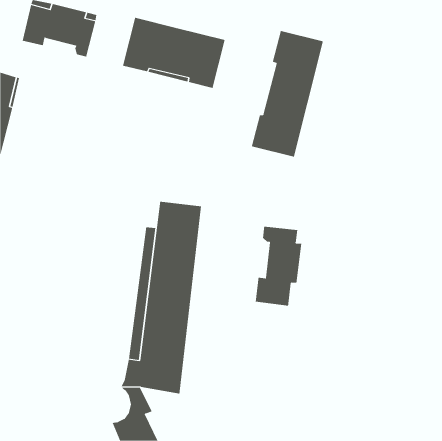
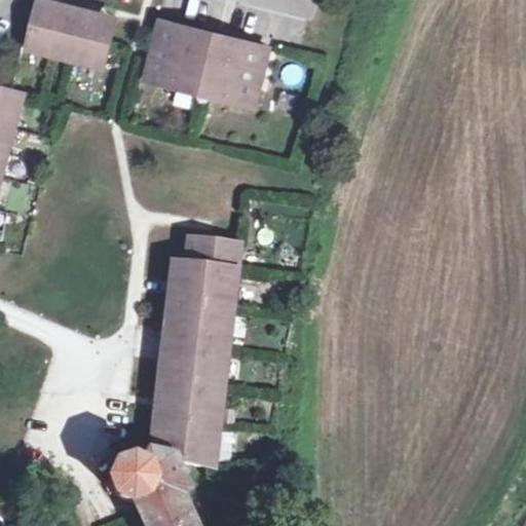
building: [251,30,324,158] -> none
building: [255,226,302,307] -> none
building: none -> [109,456,154,501]

